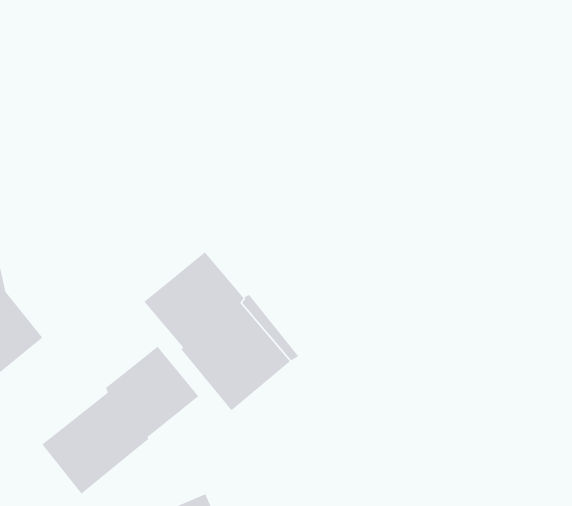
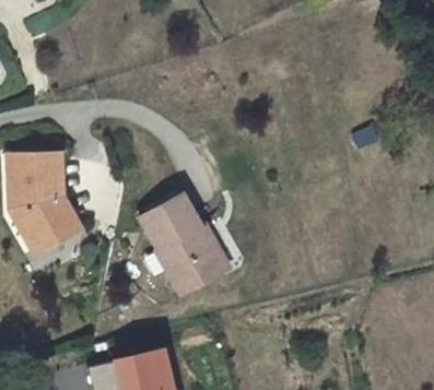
building: [41,346,199,495] -> none

